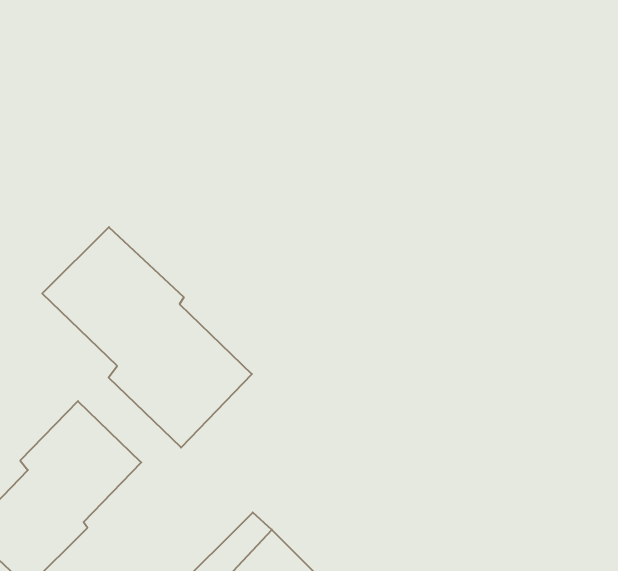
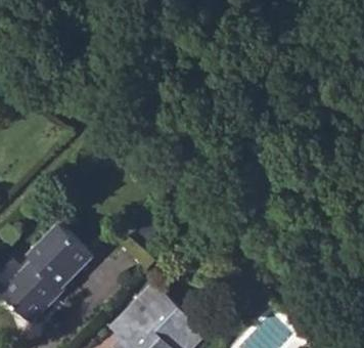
building: [42,227,252,448] -> none

